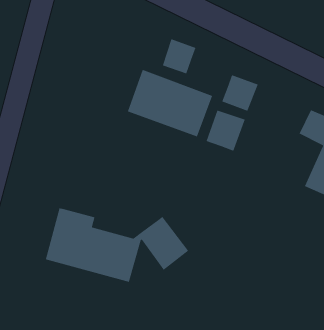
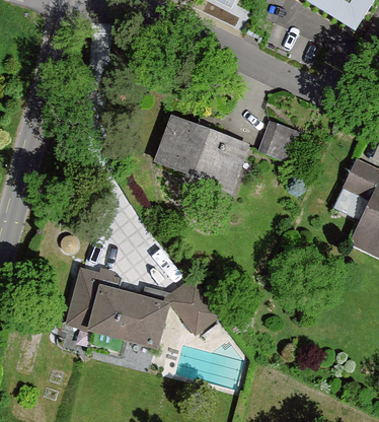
building: [162,38,197,75] -> none
building: [206,110,246,152] -> none

